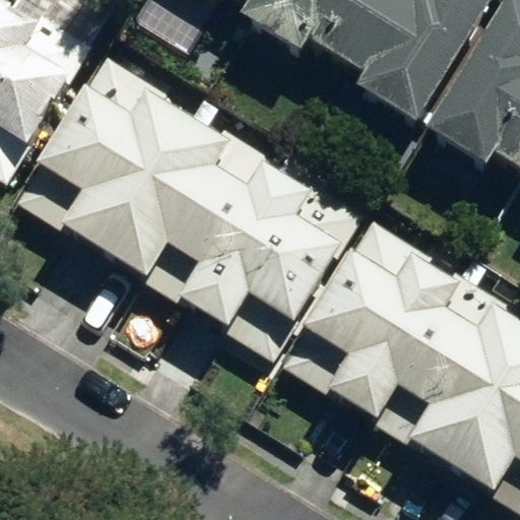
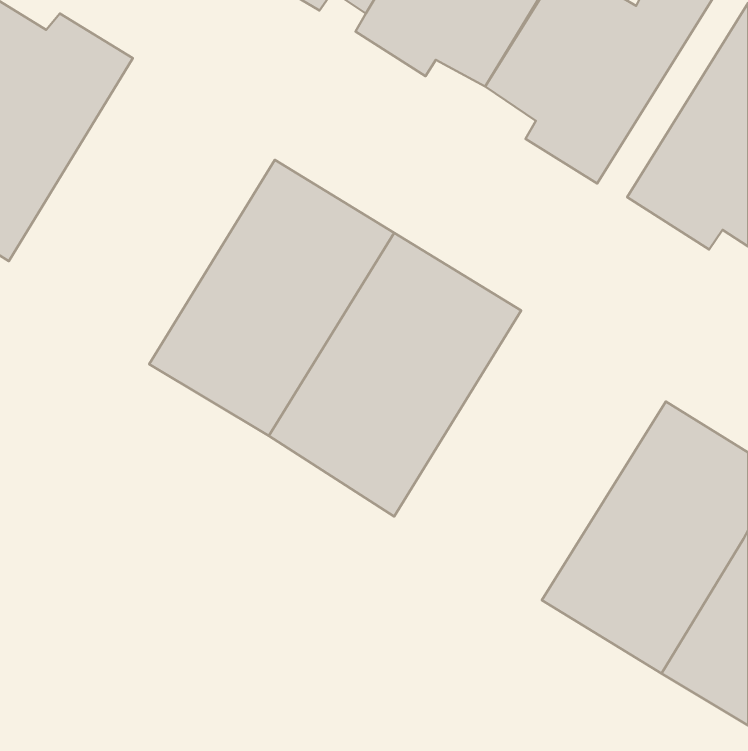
building: [20,60,187,248] -> none
building: [287,222,453,408] -> none

